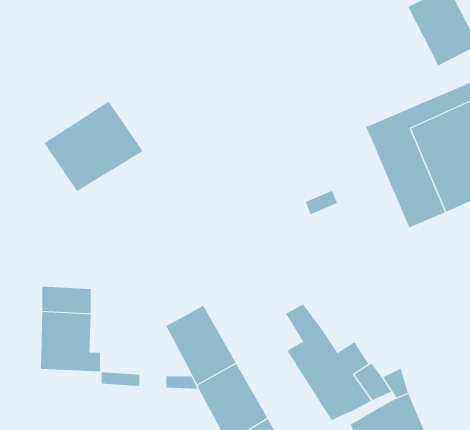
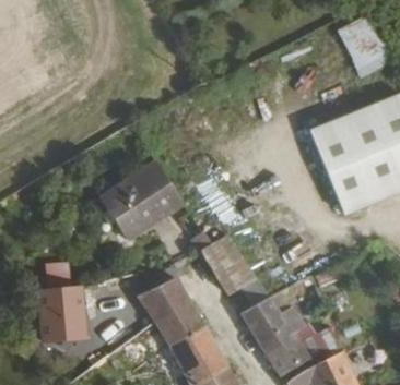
building: [43,101,144,192] -> [106,168,189,243]
building: none -> [195,234,257,293]

